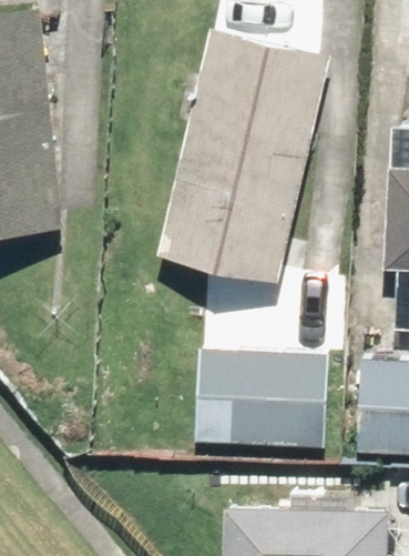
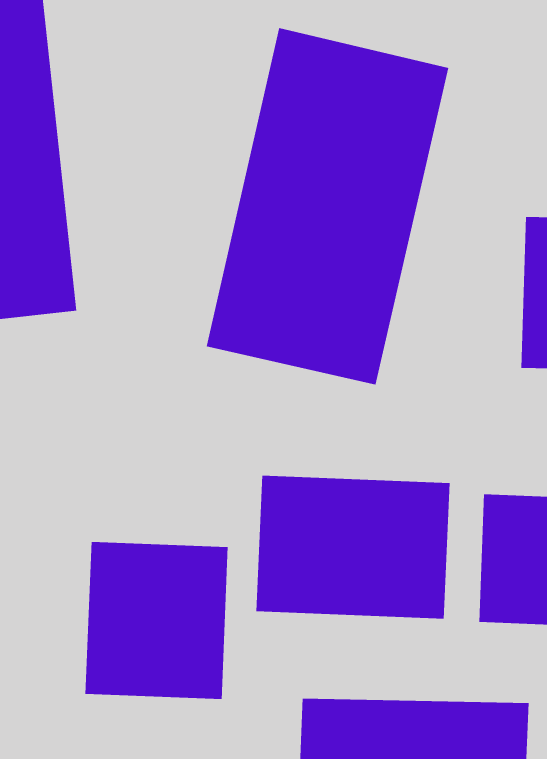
building: none -> [85,541,228,700]

